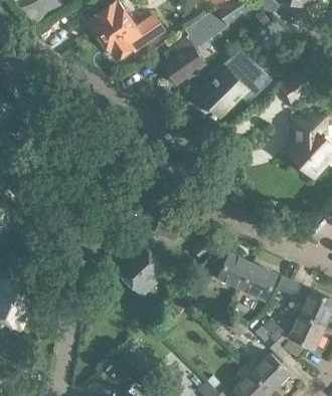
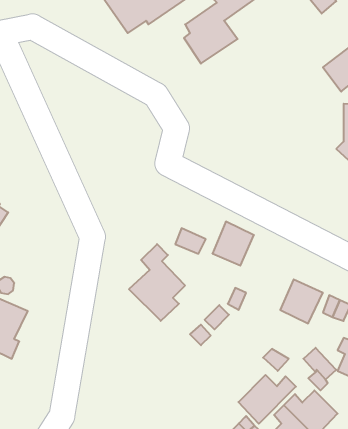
building: [197,51,271,119] -> none
building: [218,252,253,288] -> [212,222,254,266]
building: none -> [238,375,296,424]

